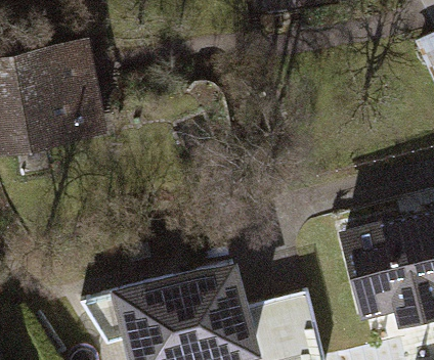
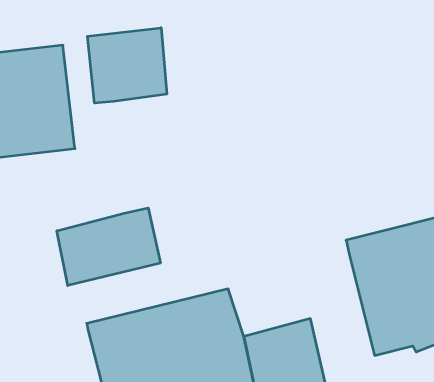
building: none -> [88,28,167,103]
building: none -> [57,208,160,286]

